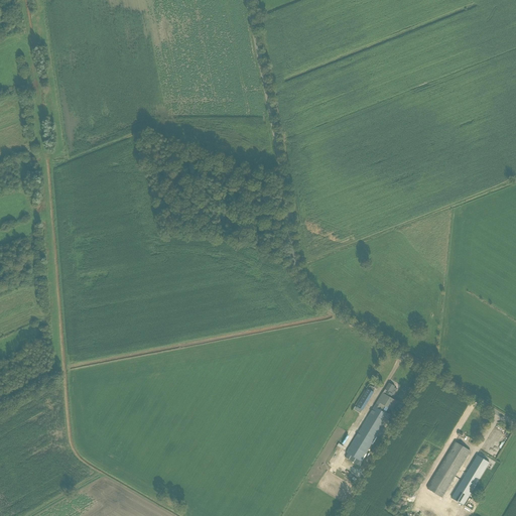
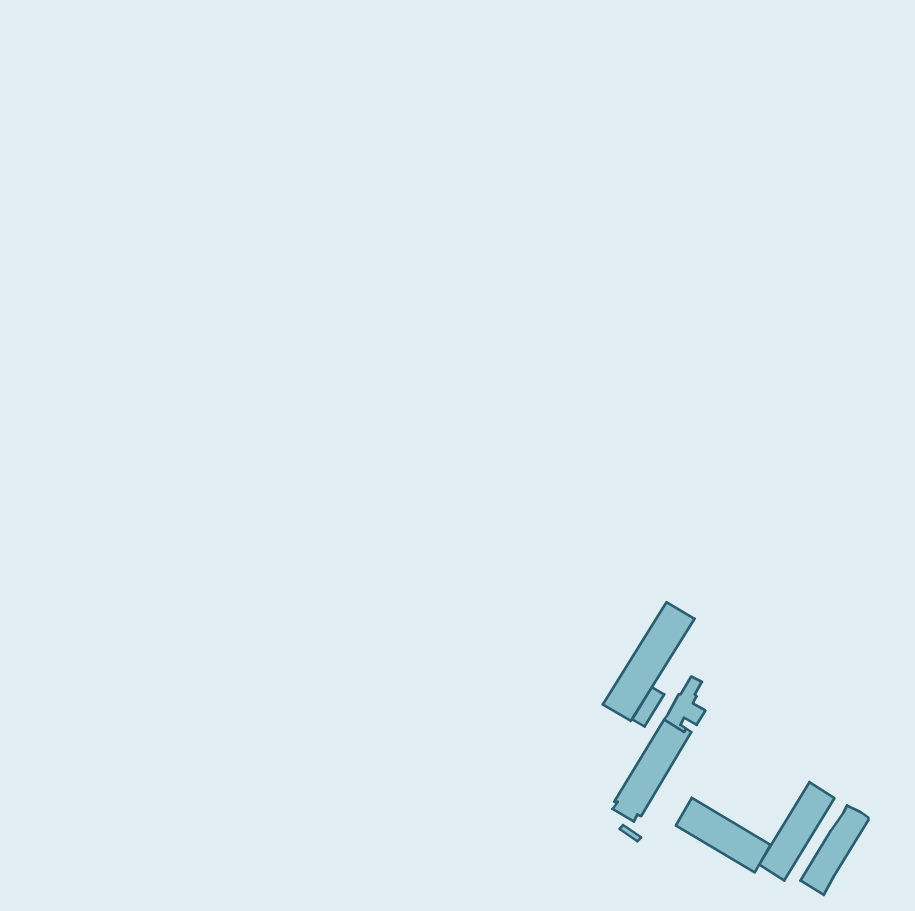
building: none -> [603,602,695,721]
building: none -> [676,798,770,872]

